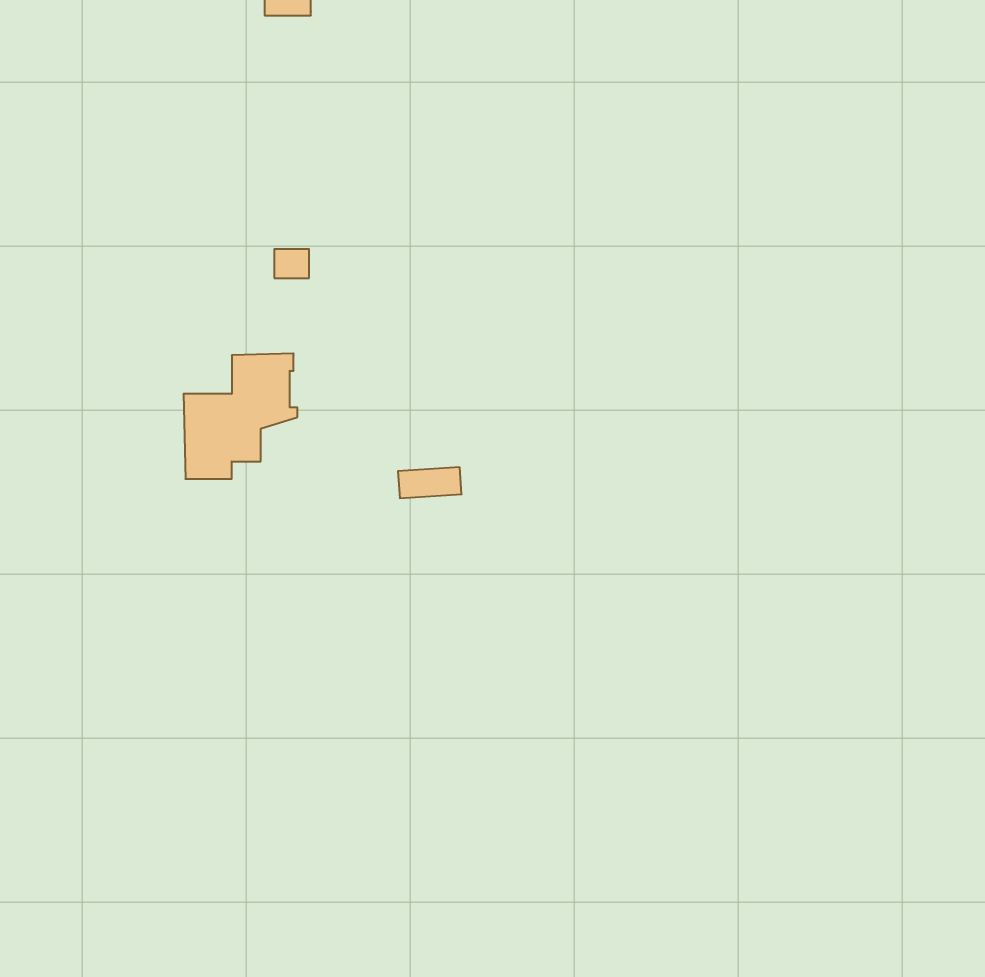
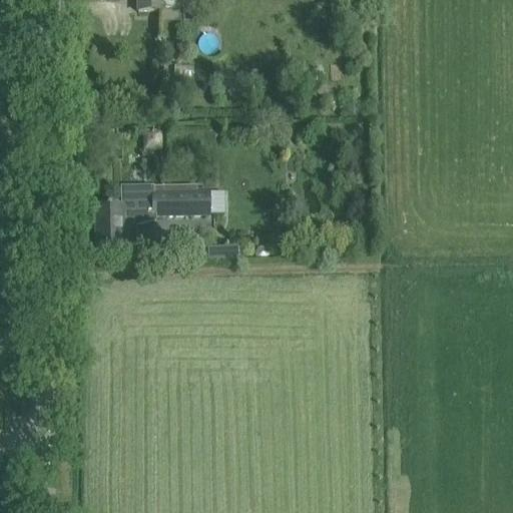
building: none -> [151,183,210,215]

